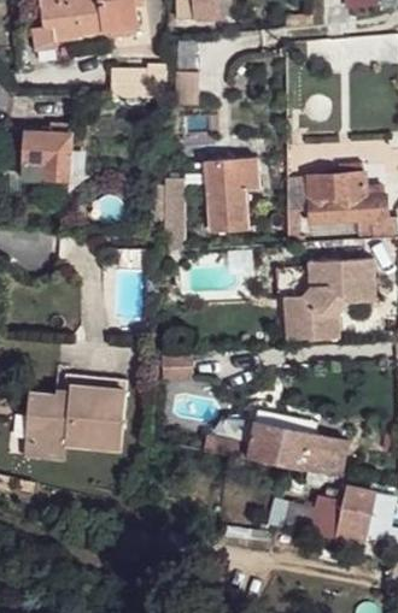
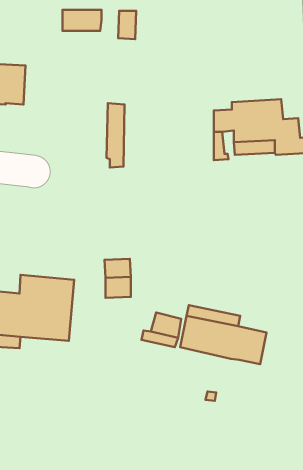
building: [205,157,258,231] -> none
building: [285,257,374,340] -> none
building: [308,484,375,544] -> none

